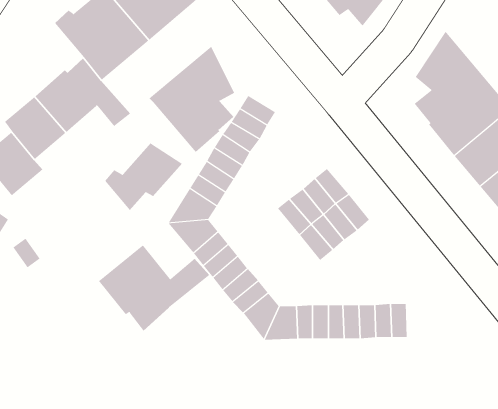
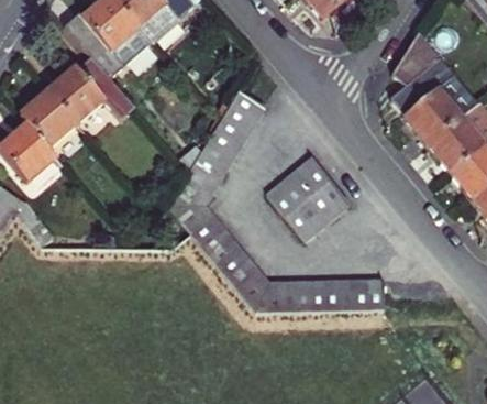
building: [149,46,235,153] -> none
building: [105,142,183,211] -> none
building: [98,244,210,331] -> none

